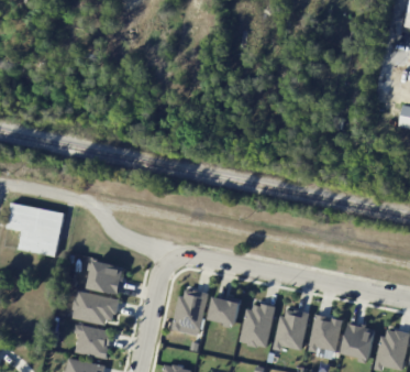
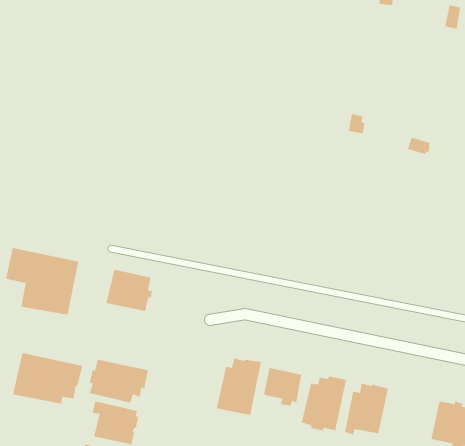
building: [87,261,124,295] -> [106,269,153,312]
building: none -> [12,352,83,405]
building: [308,315,342,353] -> none

